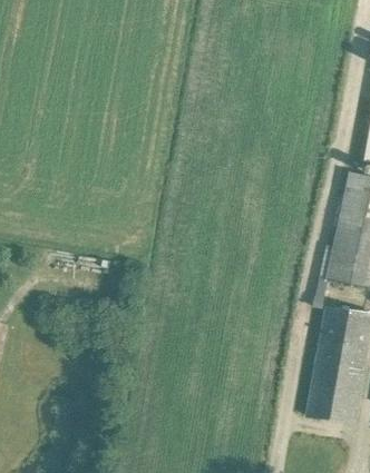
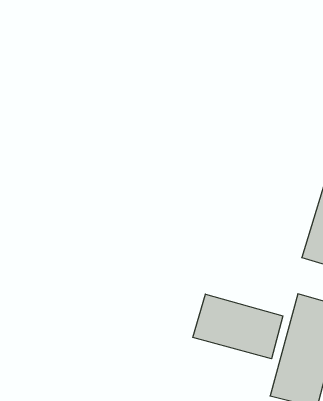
building: none -> [193,294,283,359]

